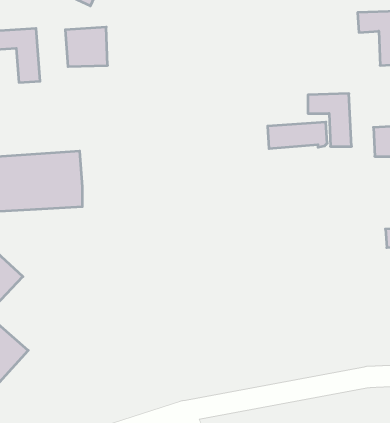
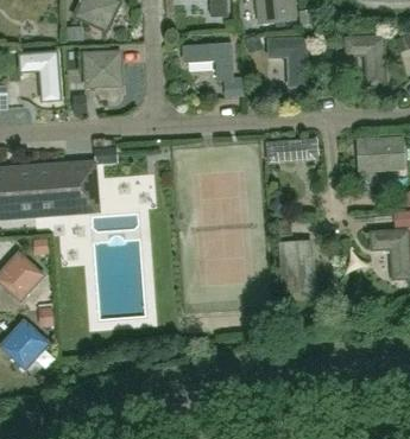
building: none -> [183,42,234,79]
building: [308,94,352,146] -> [269,39,308,87]
building: none -> [280,241,311,285]

